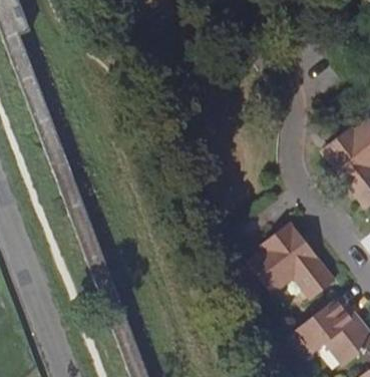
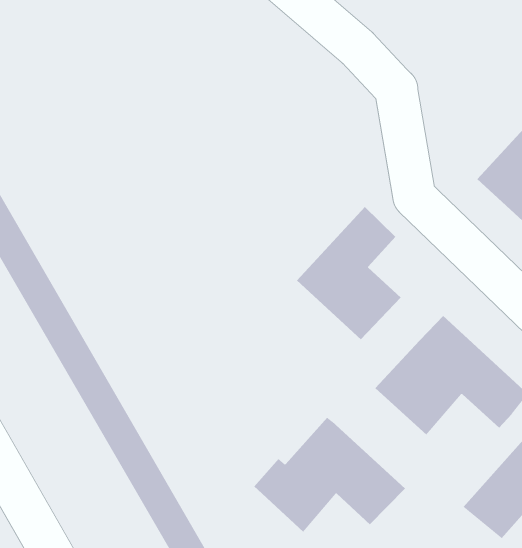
building: none -> [296,206,401,340]
building: none -> [254,417,406,532]

